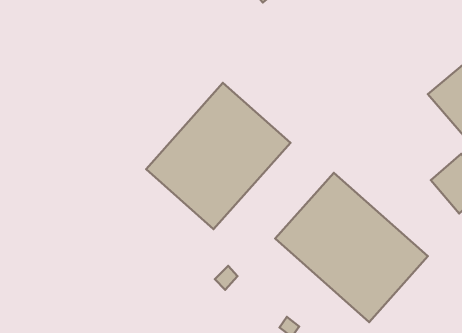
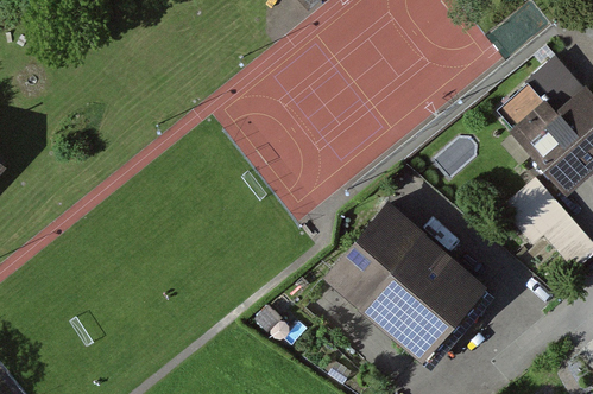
building: [146,83,290,229] -> none

